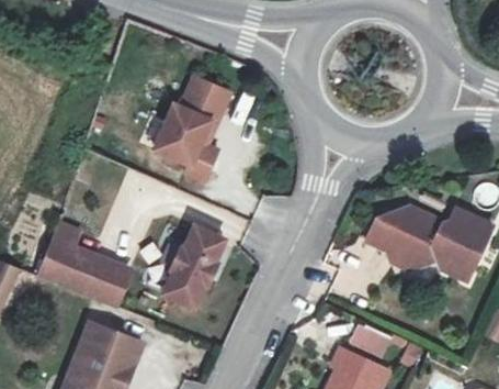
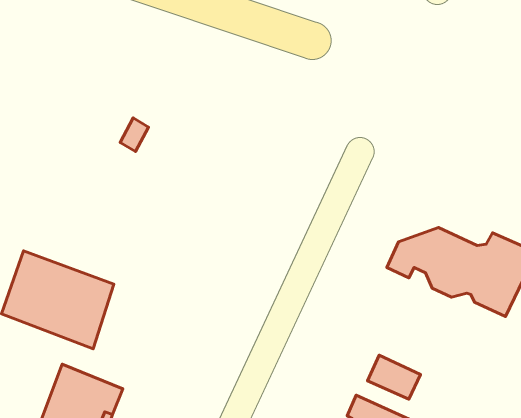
building: [154,70,236,182] -> none
building: [160,227,224,307] -> none

